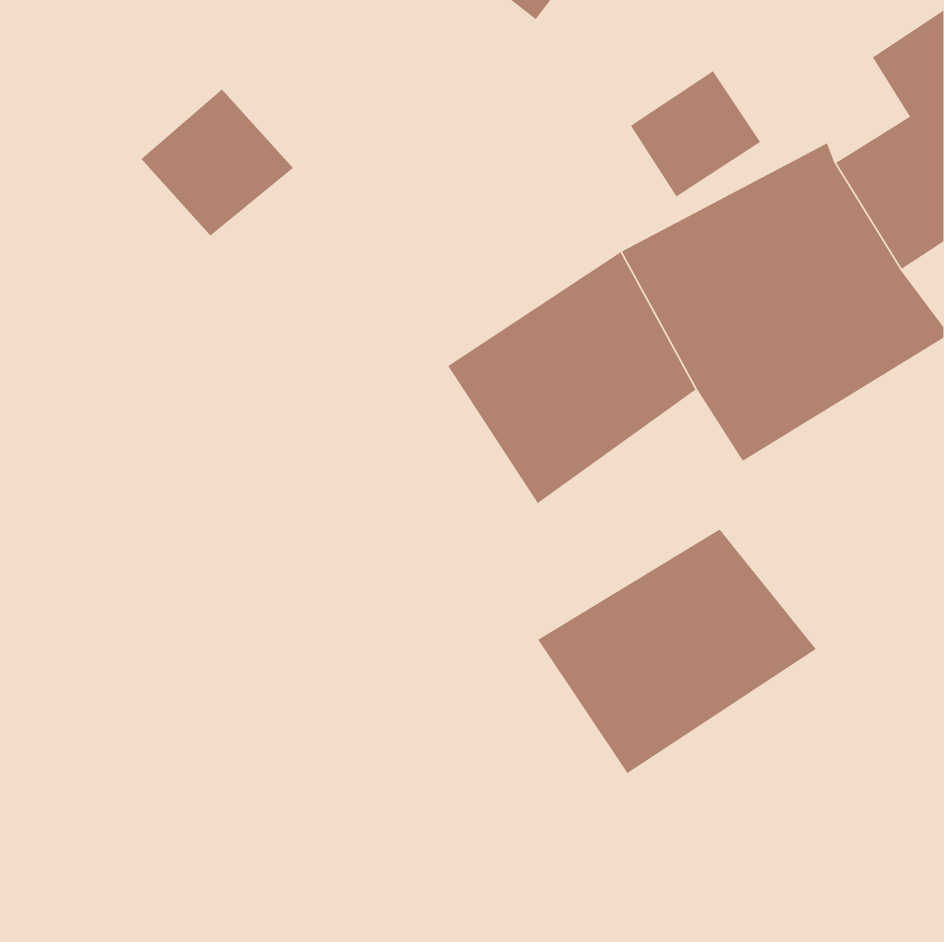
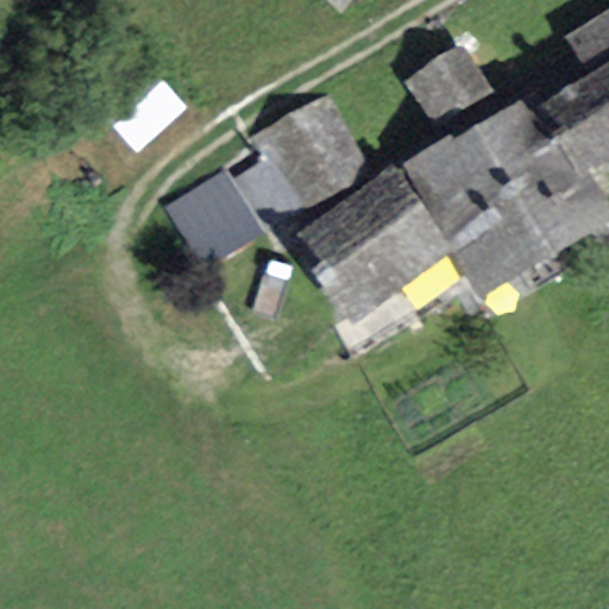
building: none -> [258,95,371,208]
building: none -> [165,174,264,266]
building: [537,529,817,774] -> none

